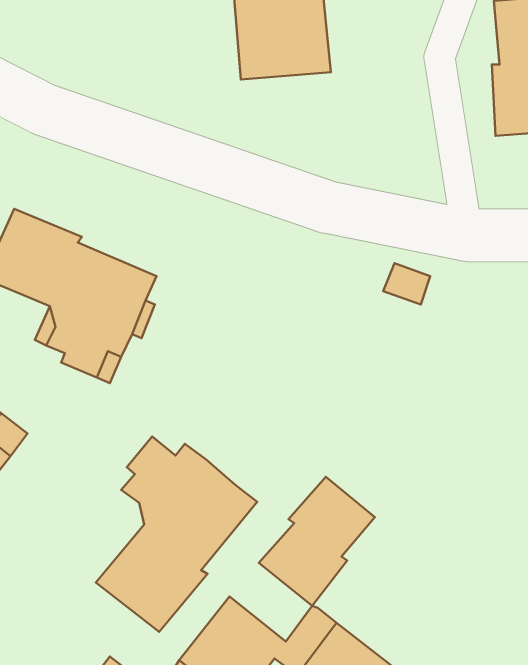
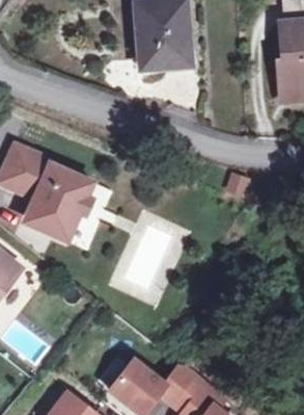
building: [96,436,257,632] -> none
building: [259,477,375,606] -> none

